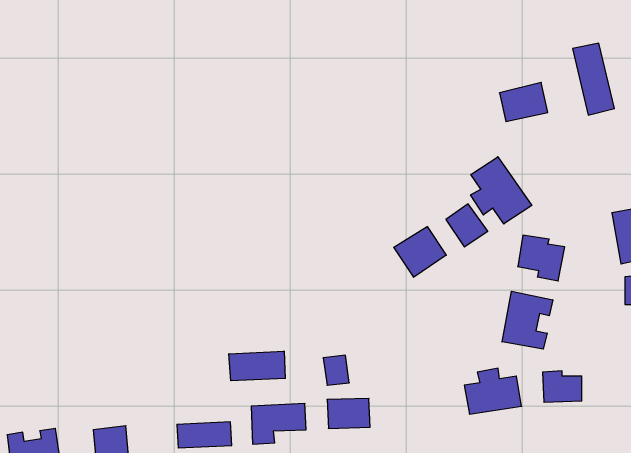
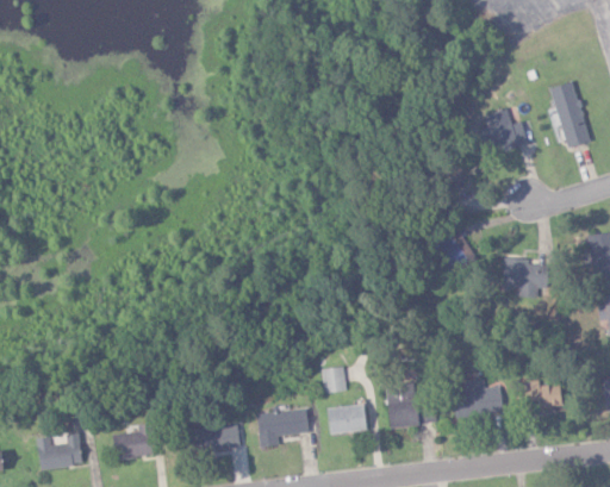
building: [471,157,532,224] -> none
building: [394,227,446,277] -> none
building: [502,291,553,349] -> none
building: [229,351,285,381] -> none
building: none -> [387,383,436,426]

